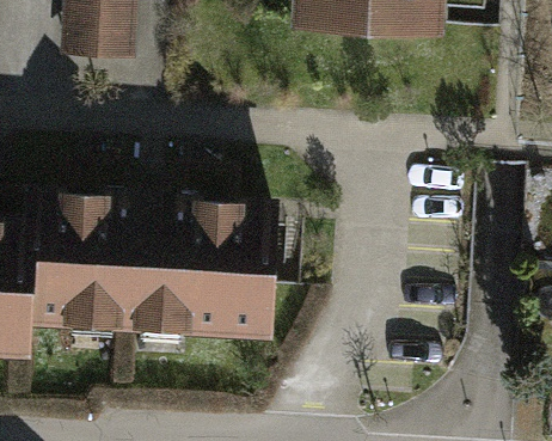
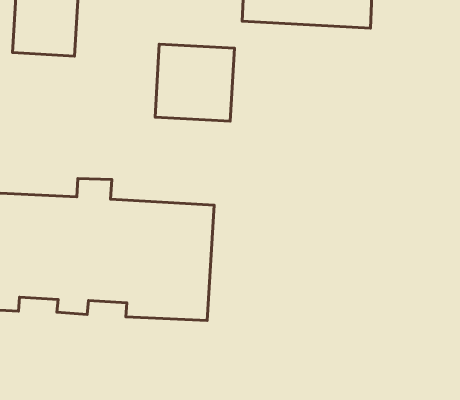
building: none -> [155,44,234,121]

